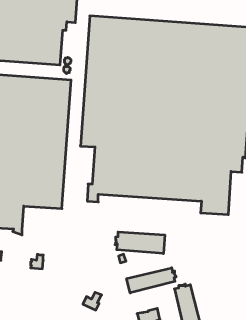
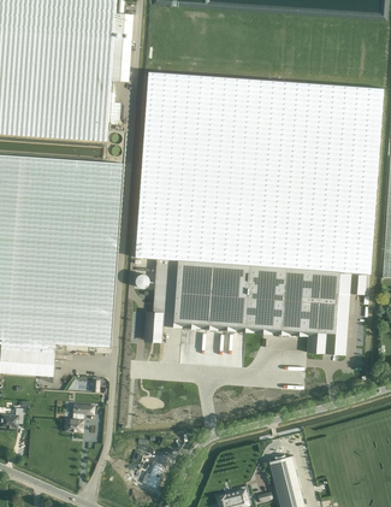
building: [115,232,165,254] -> none
building: [127,268,176,293] -> none

